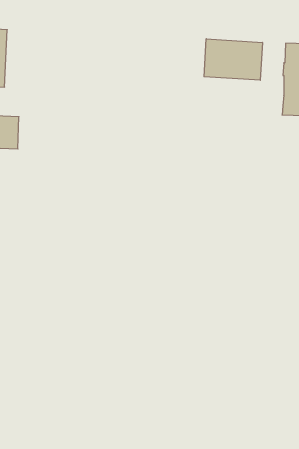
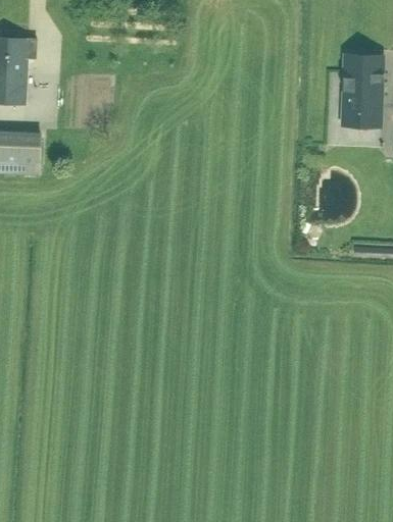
building: [204,39,262,80] -> none

